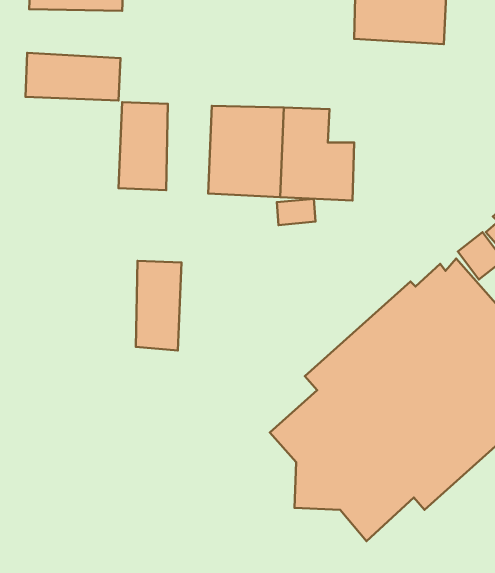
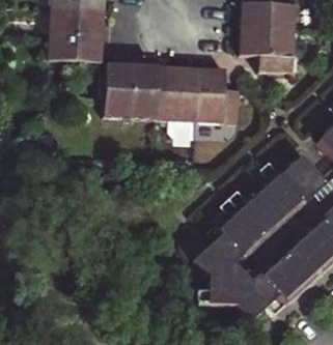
building: none -> [50,9,106,38]
building: none -> [242,27,296,71]
building: [136,261,181,350] -> [132,65,159,118]

